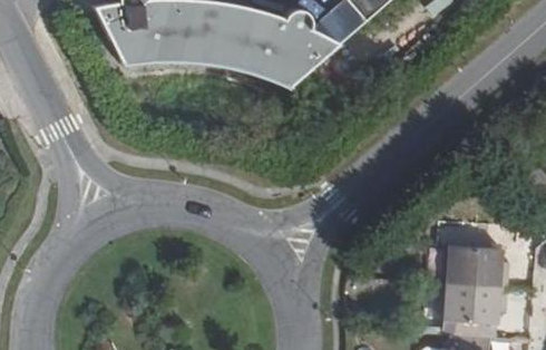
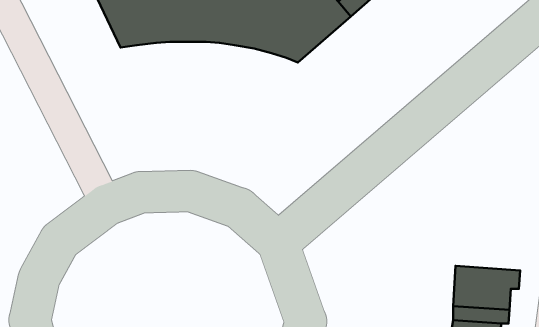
building: [446,244,509,285] -> none

